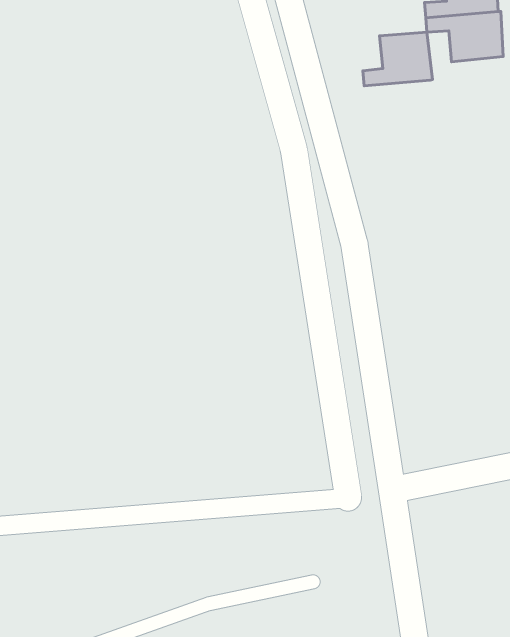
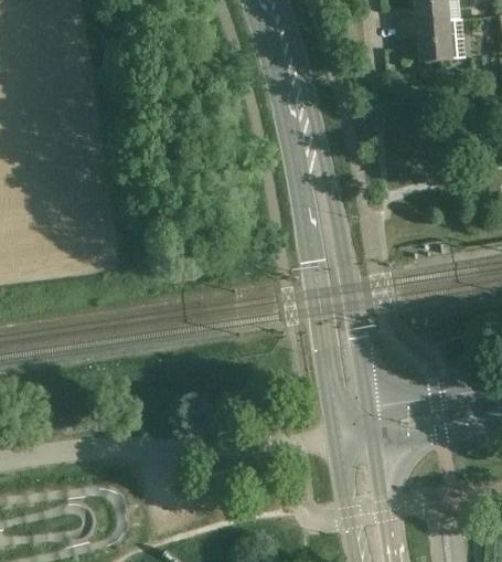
building: [363,32,433,86] -> none

